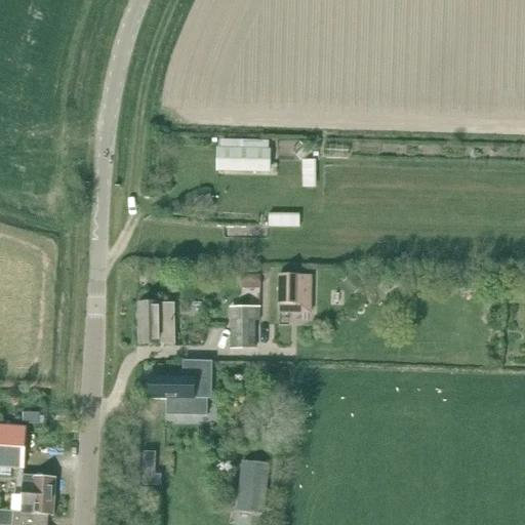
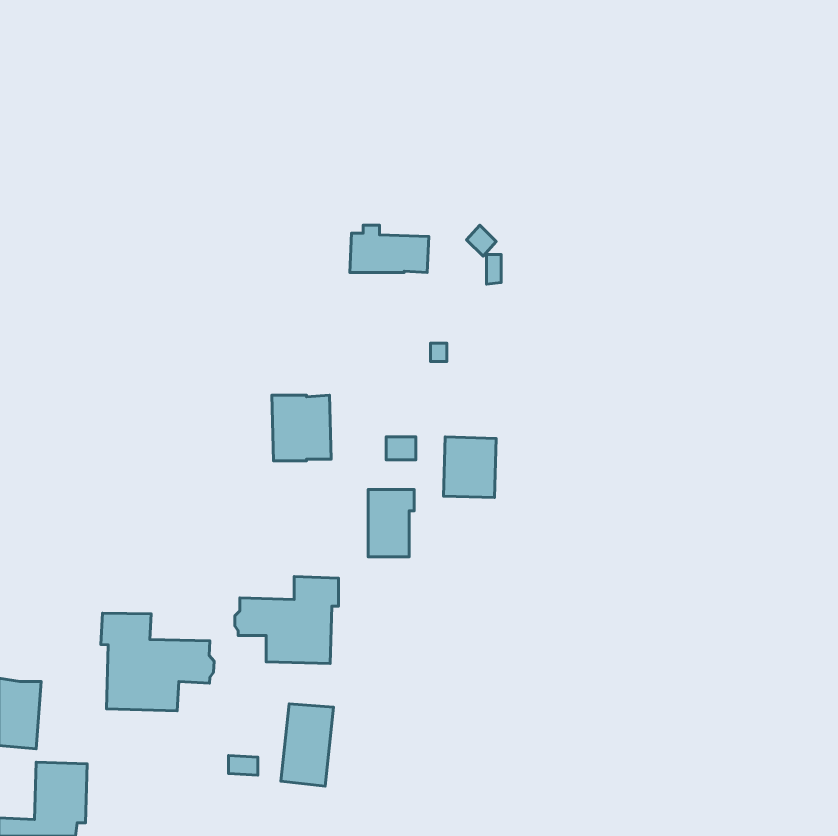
building: [137,301,174,342] -> [272,395,331,461]
building: none -> [101,613,214,711]
building: [236,461,269,513] -> [281,704,333,786]

